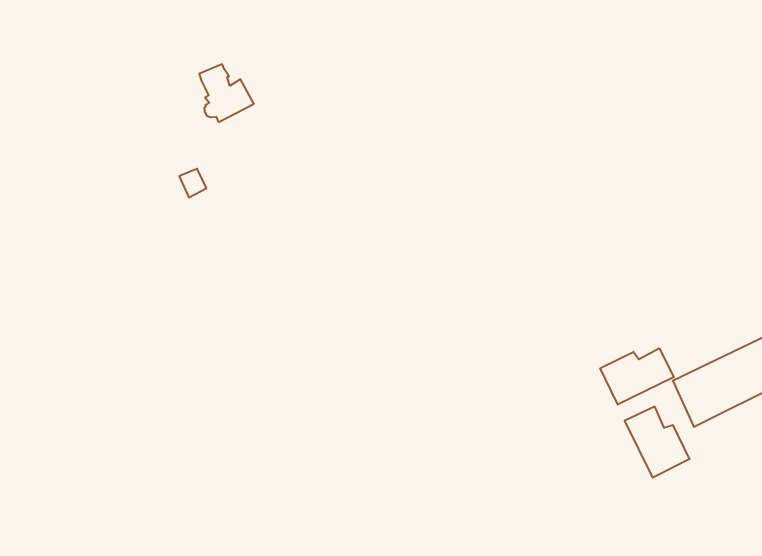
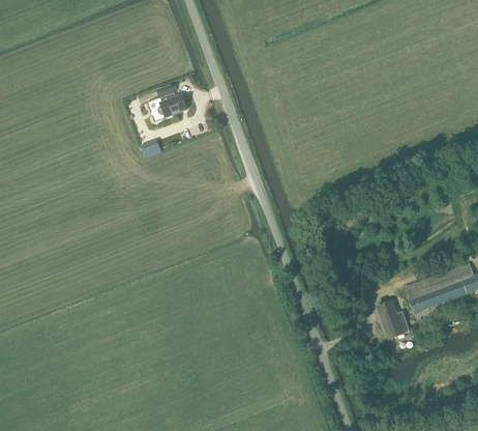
building: [600,348,674,405] -> none

